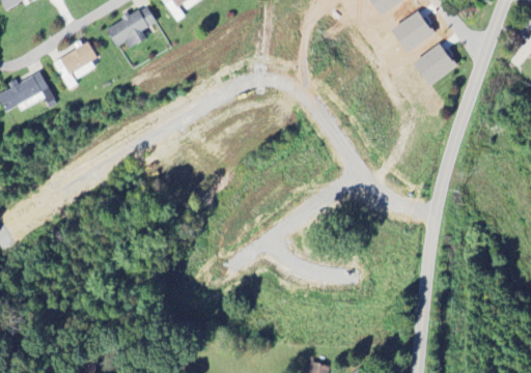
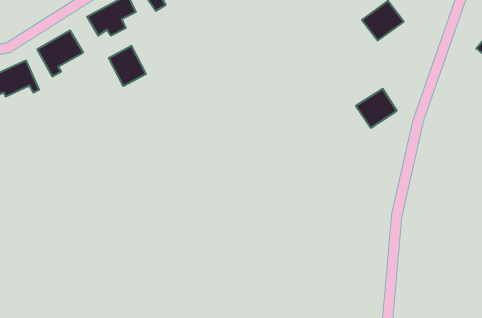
building: [414,44,456,84] -> [356,89,397,128]
building: none -> [109,46,146,86]

